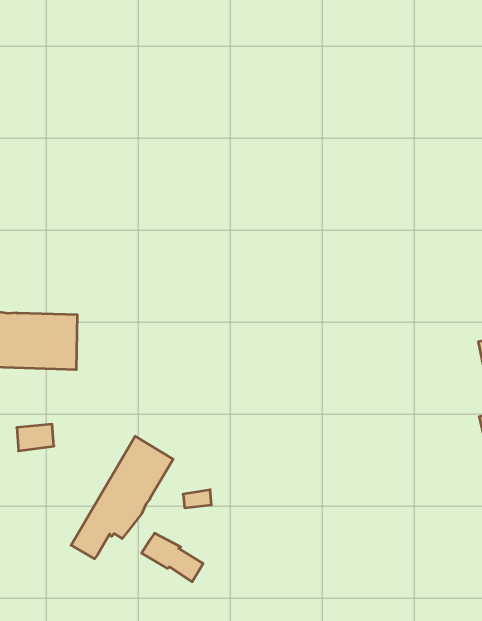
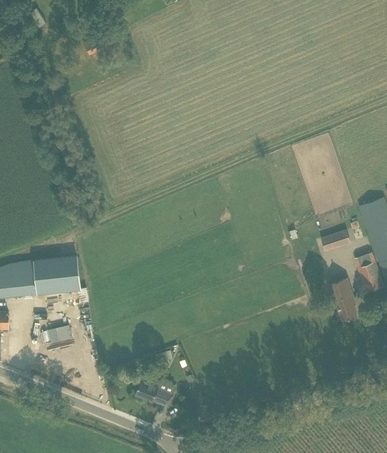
building: [71,436,173,559] -> none

